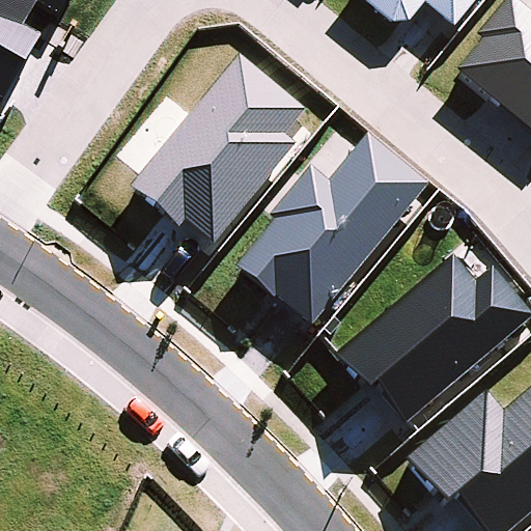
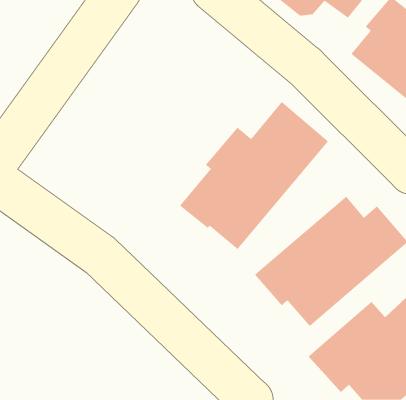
building: [131,53,309,242] -> none

